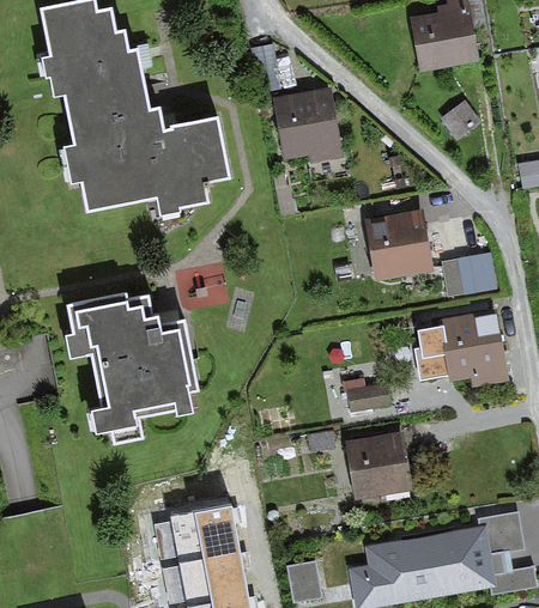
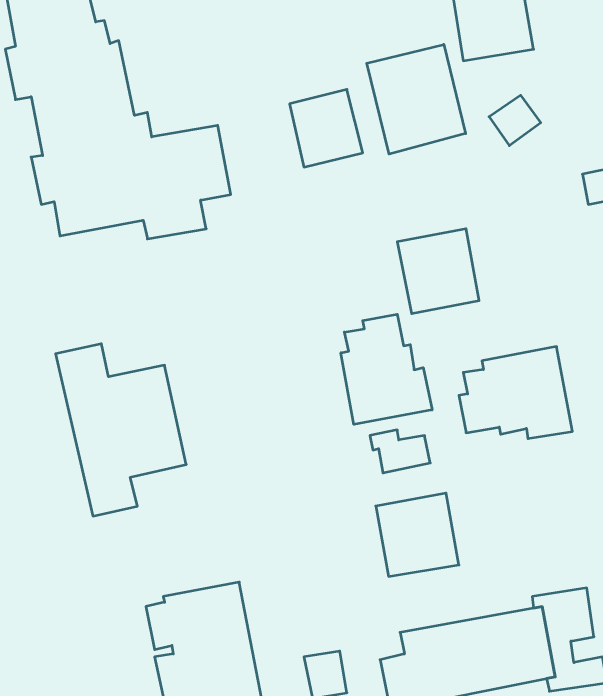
building: none -> [367,44,466,154]
building: [444,254,499,296] -> none
building: none -> [341,314,432,424]

